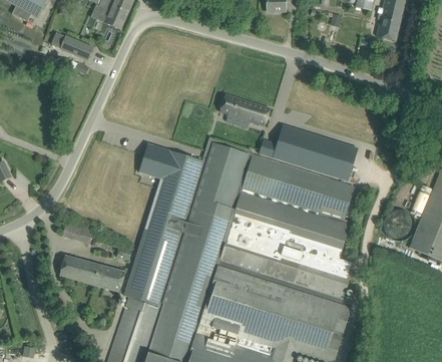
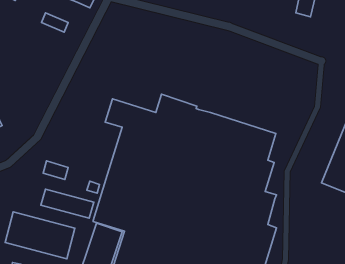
building: [219,93,270,125] -> none
building: [273,124,358,179] -> none
building: none -> [5,212,75,259]

